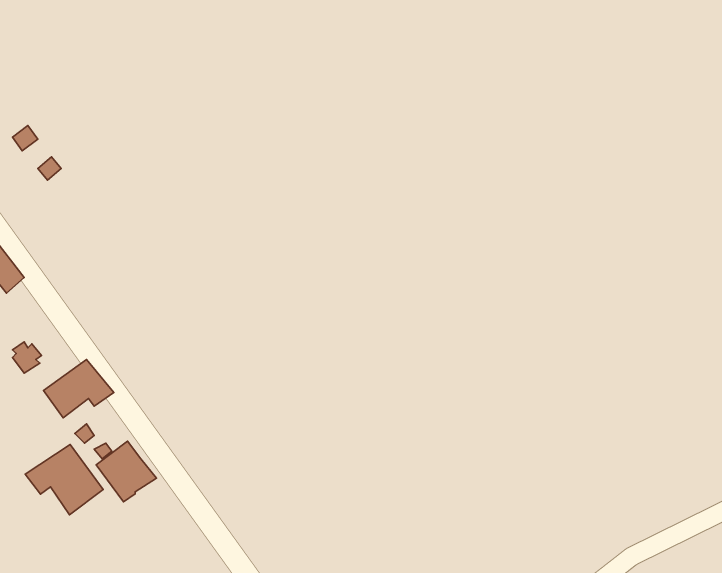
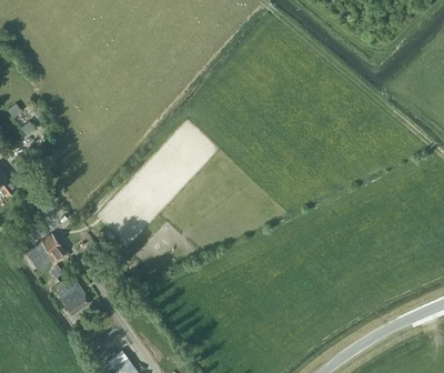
building: [25,445,103,515] -> none

